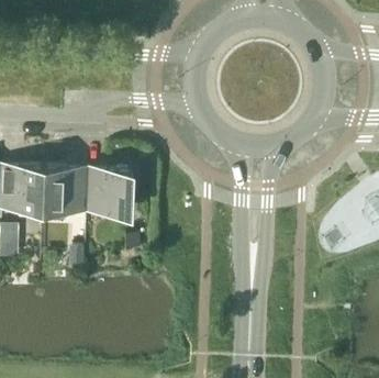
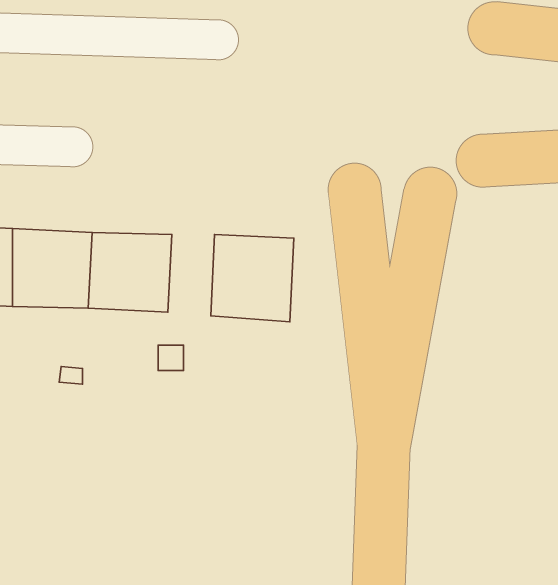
building: none -> [211,234,294,322]

